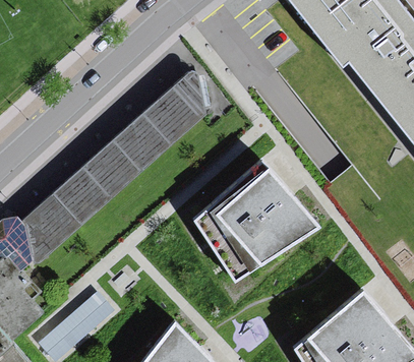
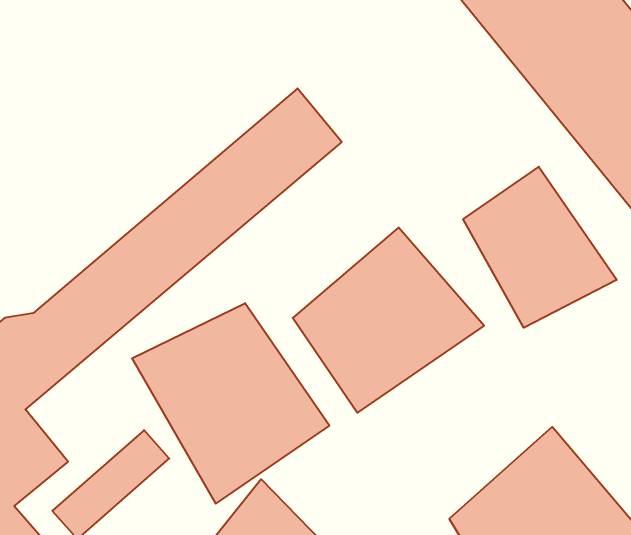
building: none -> [463,167,617,328]
building: none -> [132,303,329,504]

